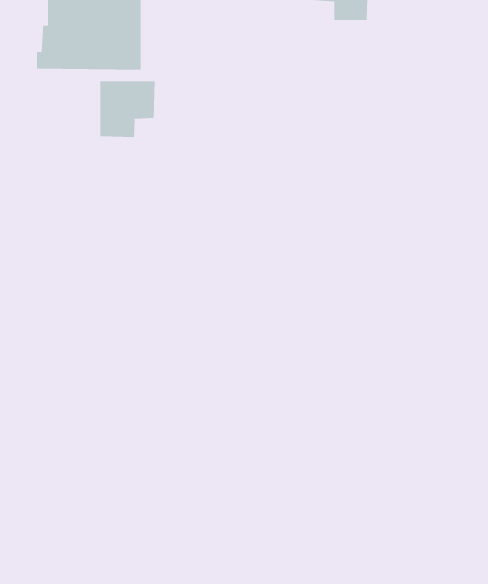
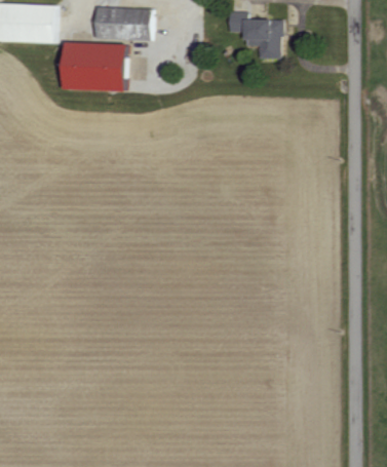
building: [100,81,155,138] -> none

